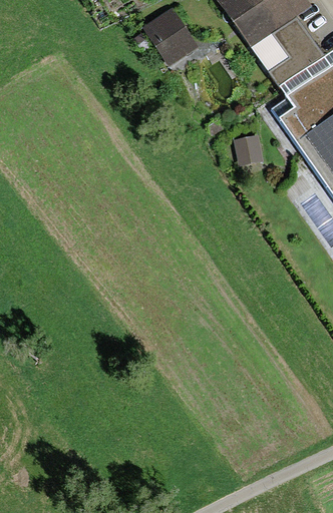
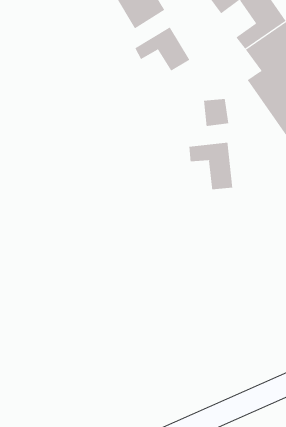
building: none -> [134,26,190,72]
building: none -> [189,142,233,190]

